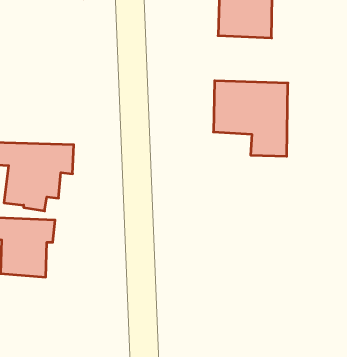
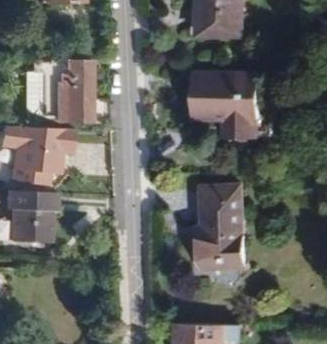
building: none -> [34,61,90,123]
building: none -> [198,185,243,269]

